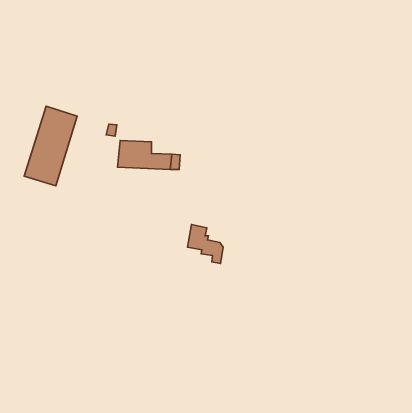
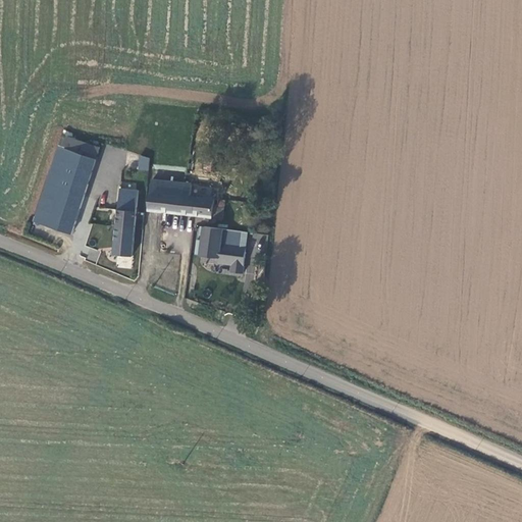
building: none -> [112,188,140,255]
building: [187,225,223,263] -> [202,224,247,273]

